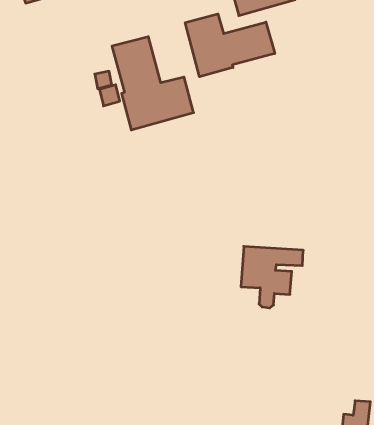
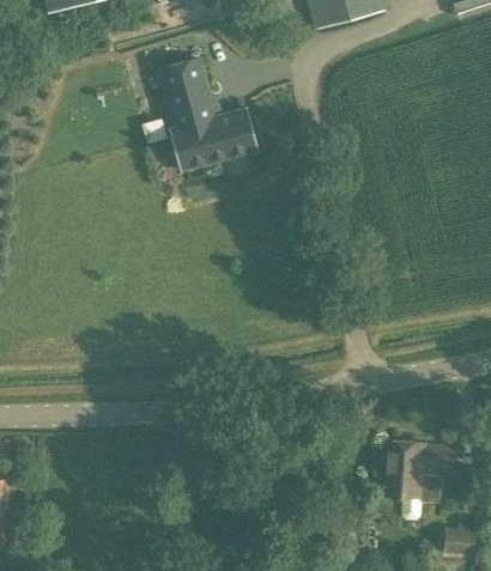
building: [185,14,275,77] -> none
building: [241,246,303,308] -> [380,443,457,520]

